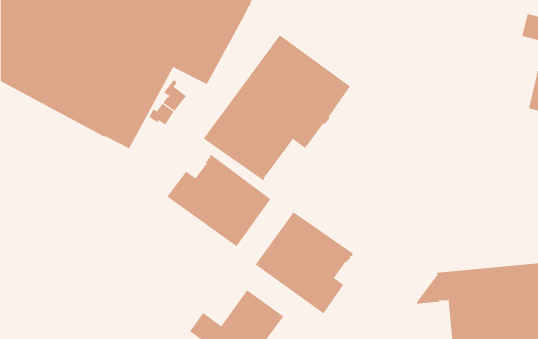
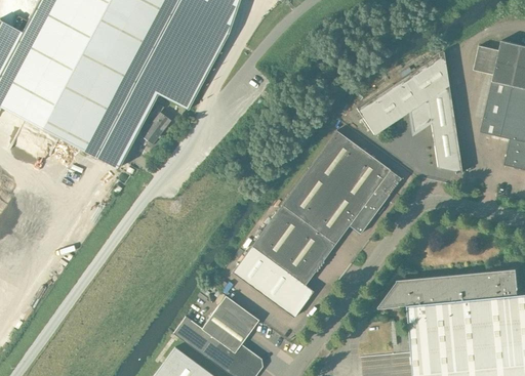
building: none -> [356,50,461,173]
building: [203,35,351,180] -> [267,130,401,262]
building: [167,155,271,247] -> none

